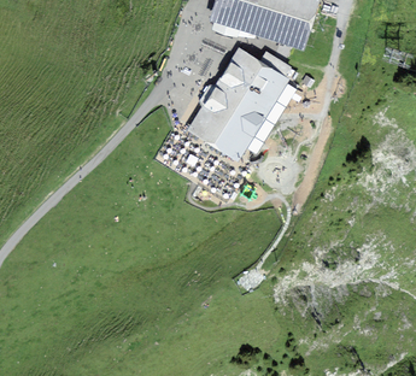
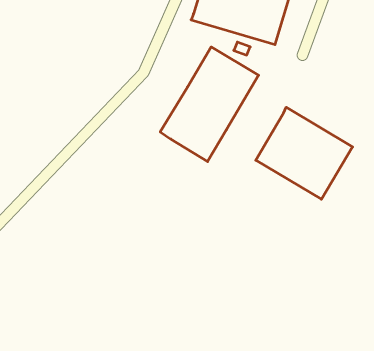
building: none -> [256,107,353,199]

